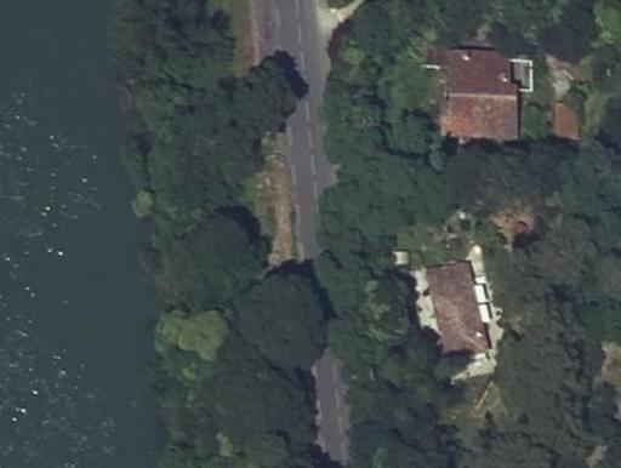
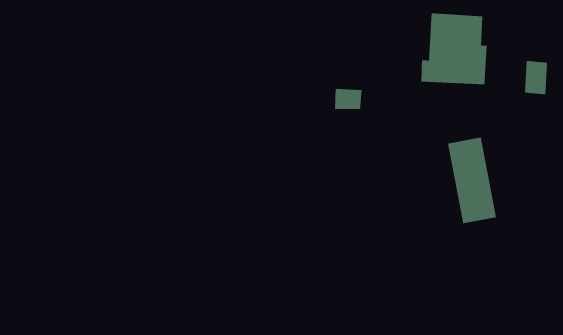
building: [426,262,484,354] -> [447,137,497,224]

